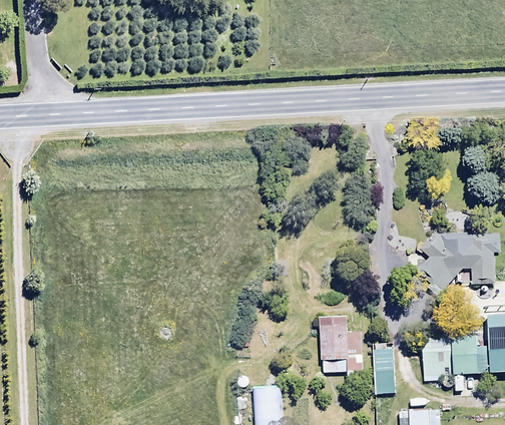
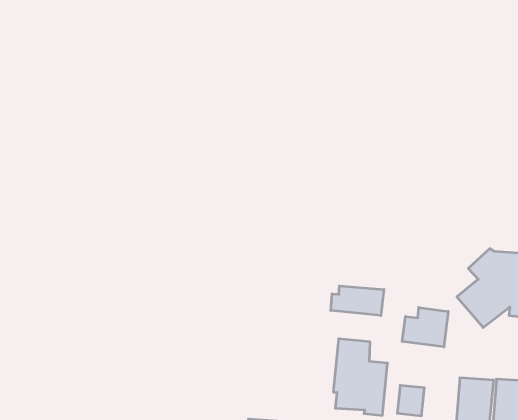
building: none -> [331,286,384,316]
building: none -> [402,307,448,347]

